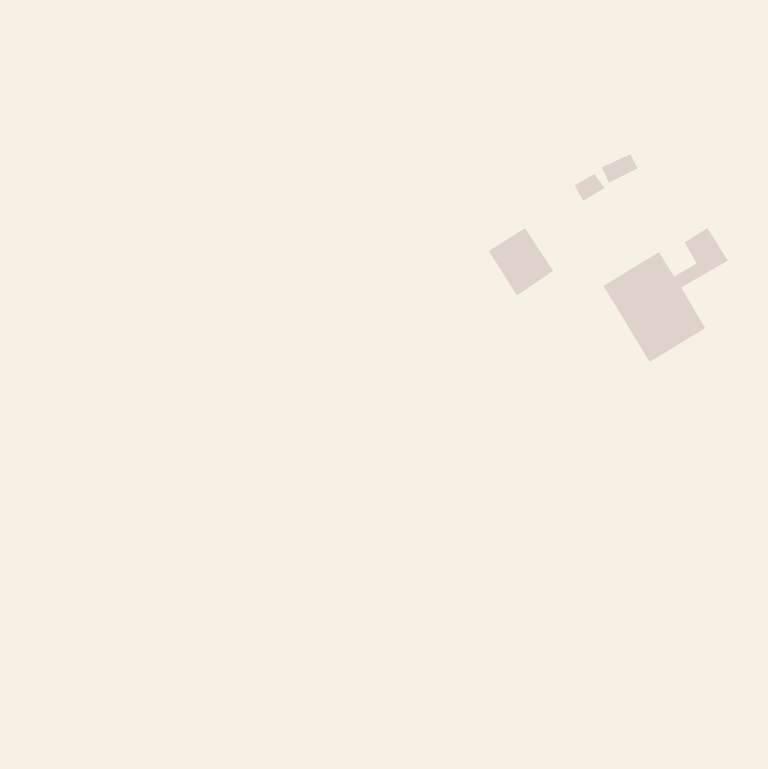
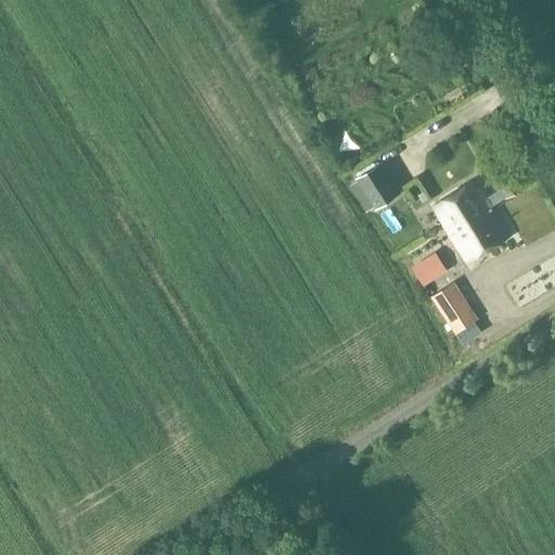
building: none -> [412,251,447,286]
building: none -> [436,289,477,334]

